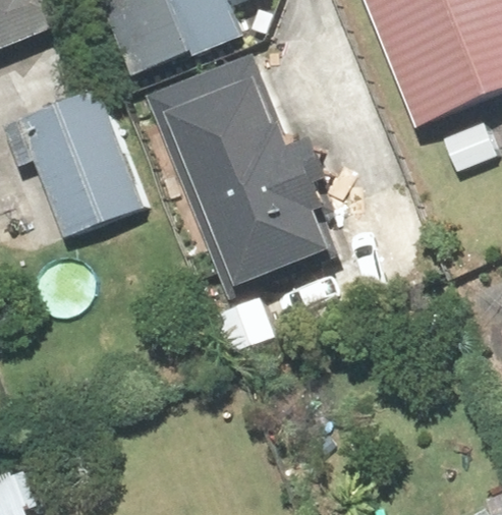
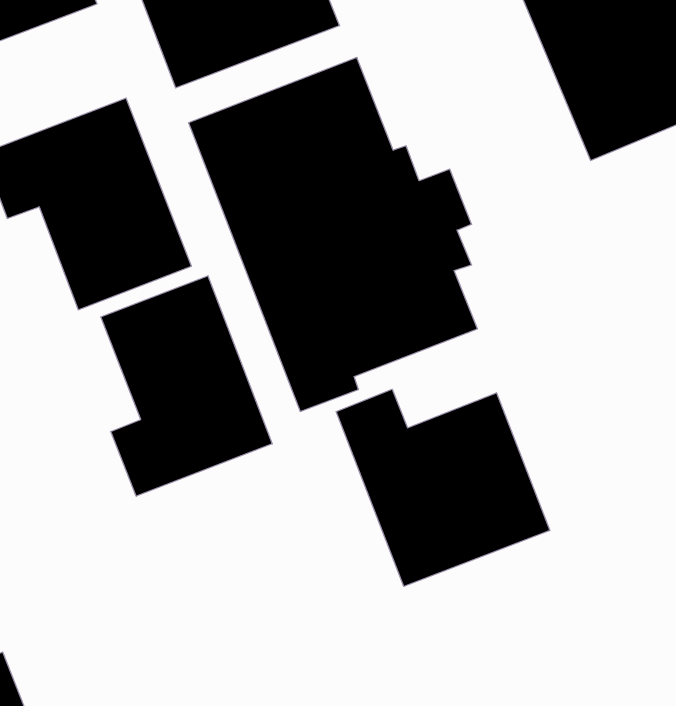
building: none -> [101,276,272,496]
building: none -> [336,389,550,586]

